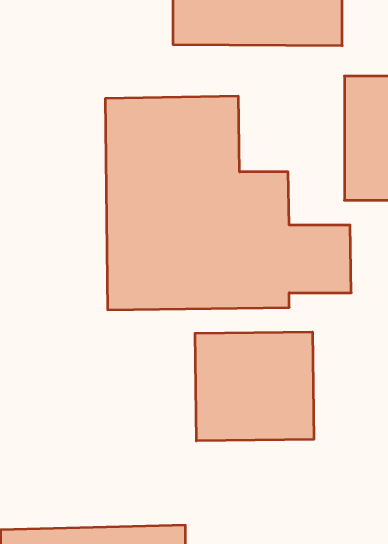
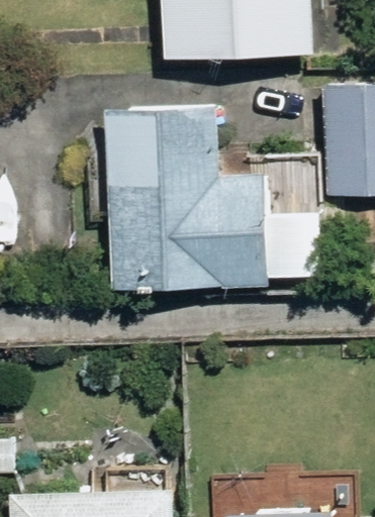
building: [195,332,314,441] -> none

